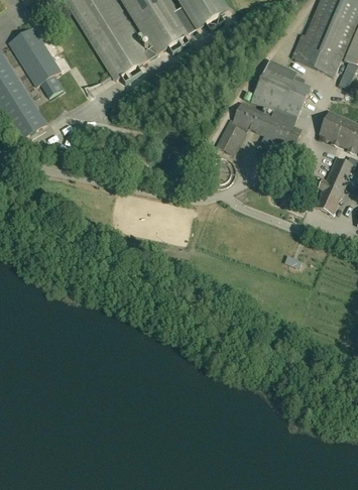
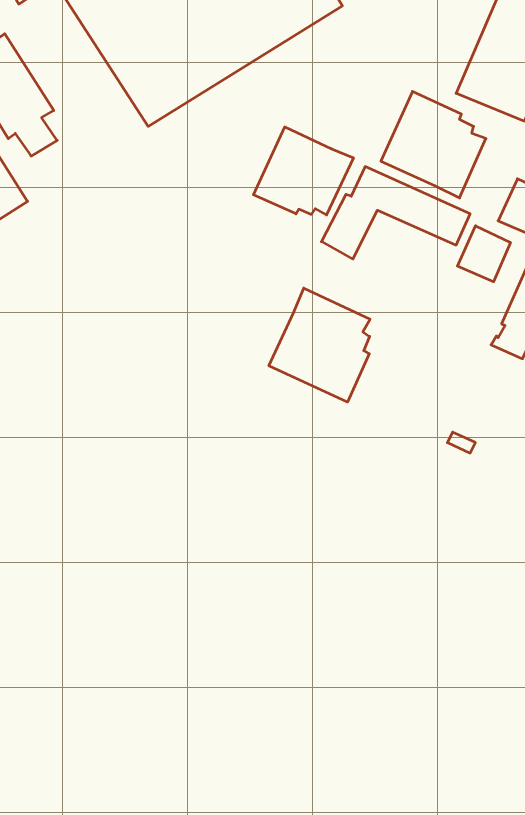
building: none -> [253,127,353,215]
building: none -> [457,226,510,282]
building: none -> [269,288,370,402]

